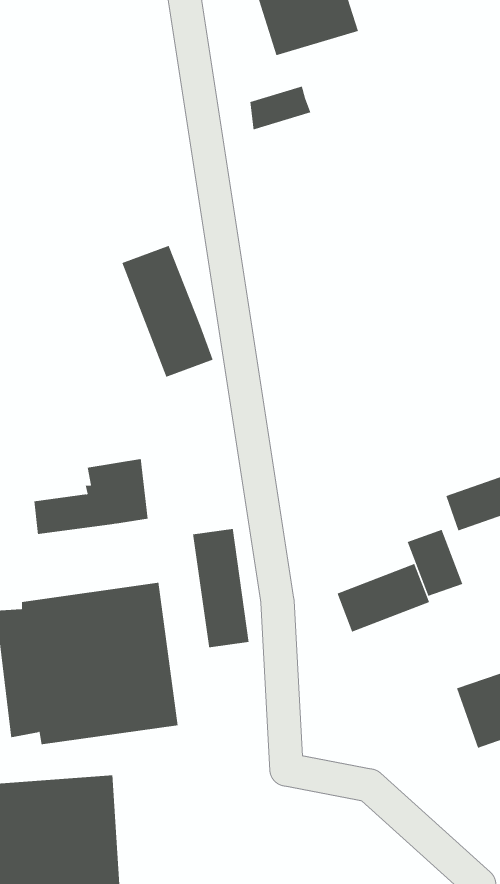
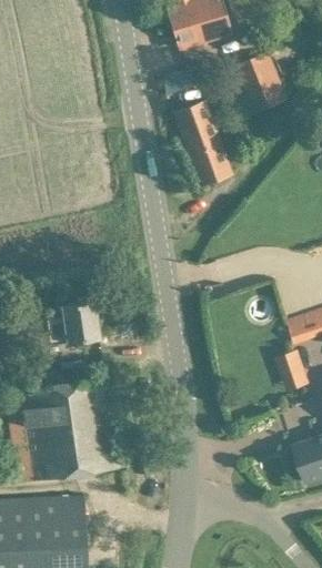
building: none -> [234,50,288,111]
building: [122,245,214,377] -> [173,101,231,184]
building: [193,528,249,648] -> none
building: [337,563,430,632] -> none

